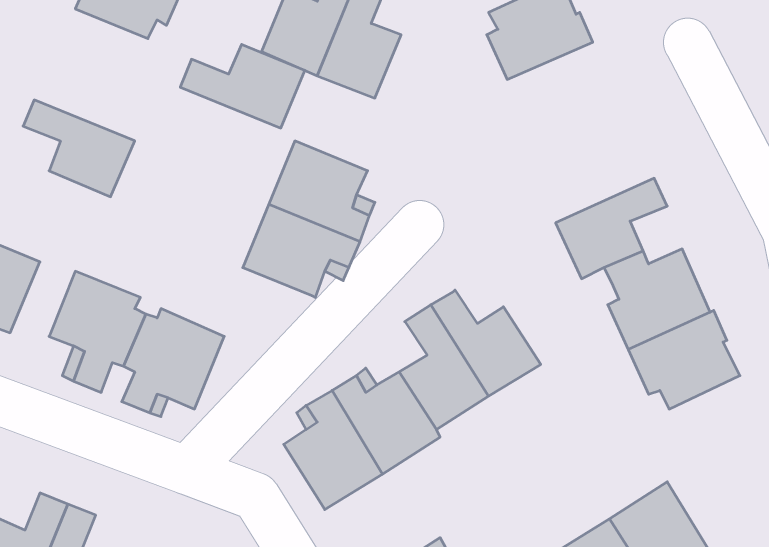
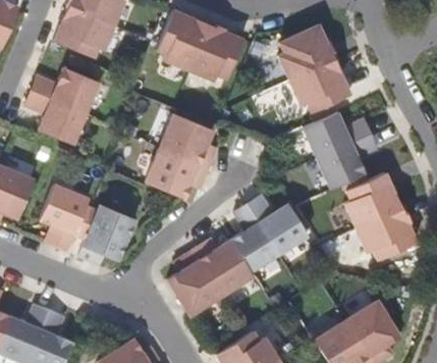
building: none -> [290,59,350,112]
building: [180,44,305,128] -> [32,67,100,113]
building: none -> [304,112,371,158]

